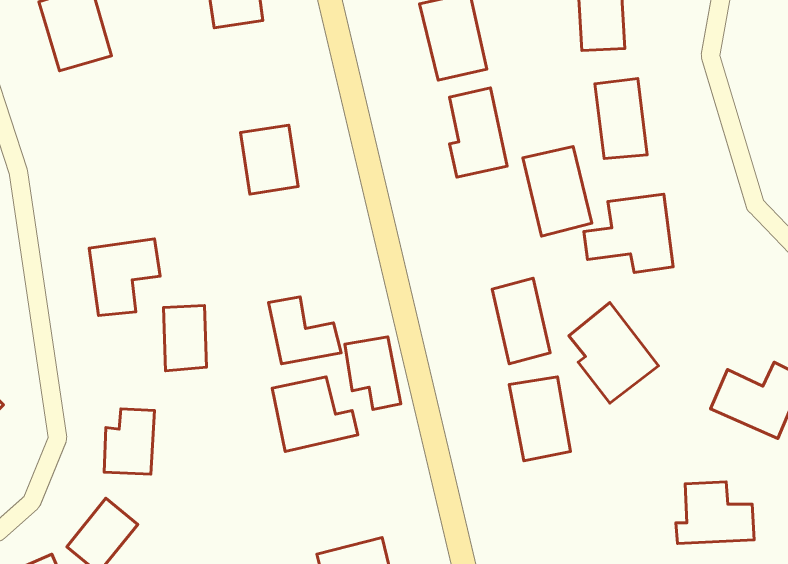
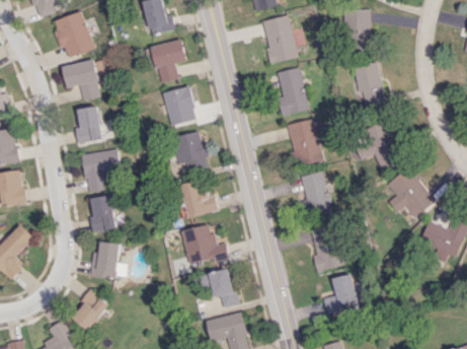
building: none -> [152,40,187,82]
building: none -> [62,59,100,100]
building: [523,147,592,236] -> [286,119,323,167]
building: none -> [73,106,102,144]
building: none -> [172,131,209,172]
building: [569,302,658,403] -> [387,166,436,221]
building: [163,306,206,371] -> [90,196,113,231]
building: [345,337,401,410] -> [208,269,238,308]
building: [676,482,754,543] -> [325,276,368,309]

